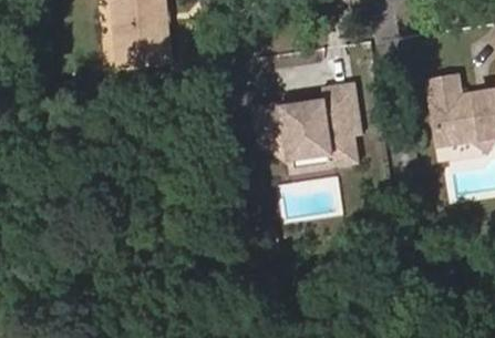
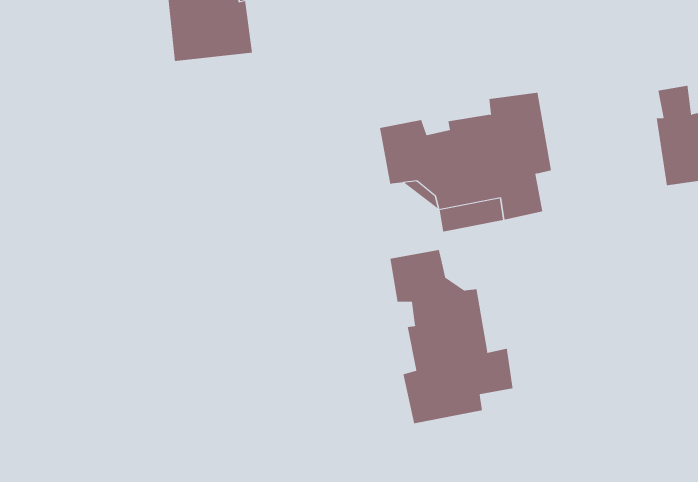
building: none -> [390,249,513,424]

